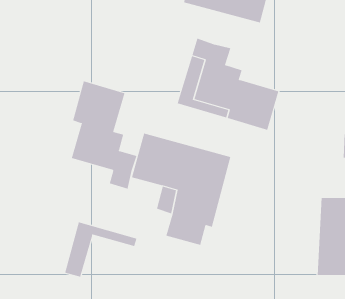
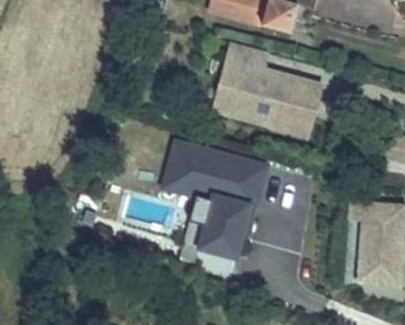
building: [71,81,137,189] -> none
building: [64,221,137,277] -> none

